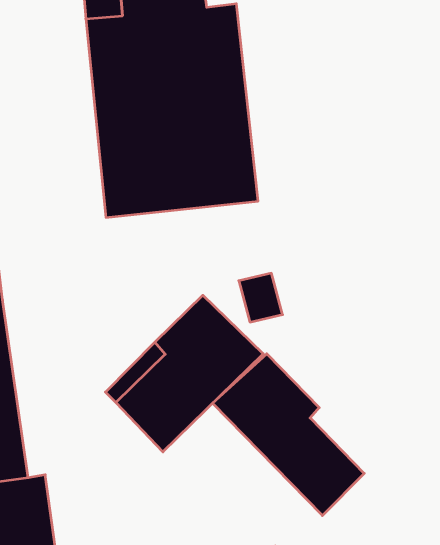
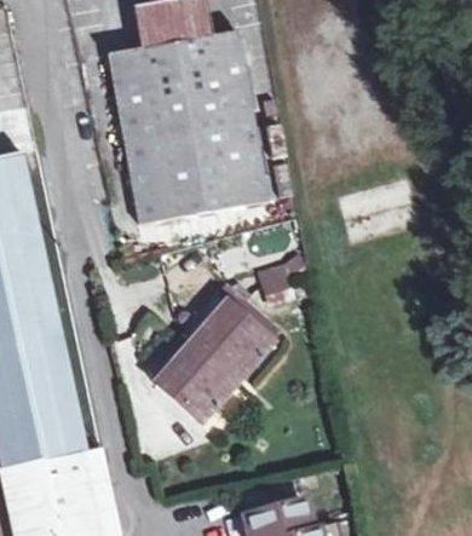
building: [213,354,364,516] -> none

